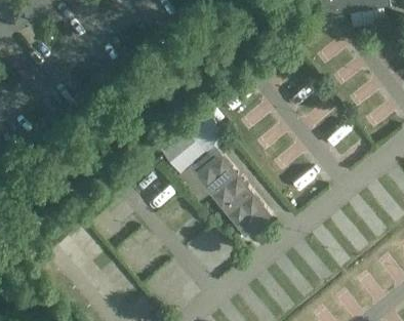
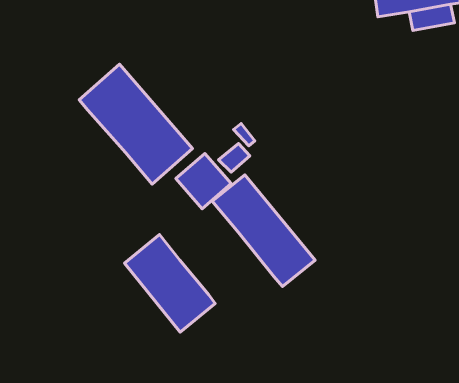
building: none -> [79,64,192,184]
building: none -> [125,234,215,332]

